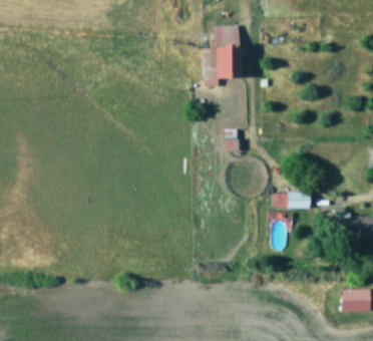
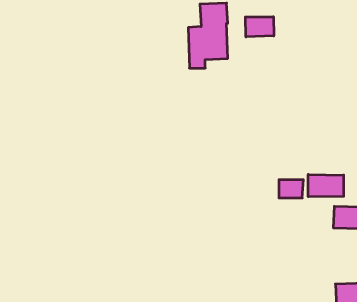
building: none -> [245,17,274,37]
building: none -> [308,174,344,197]

